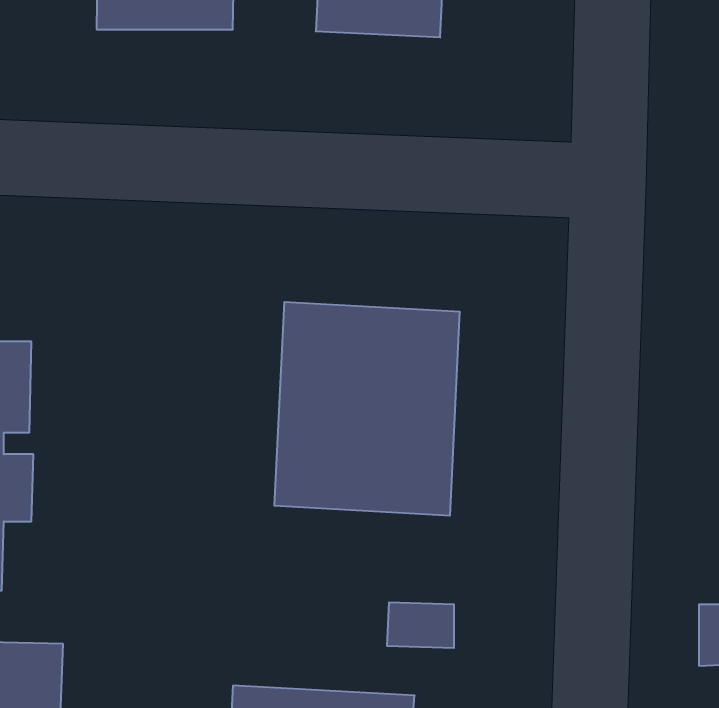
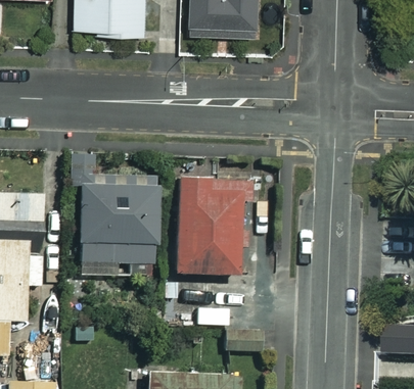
building: none -> [73,154,160,264]

